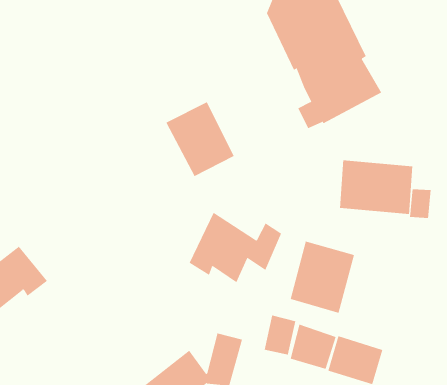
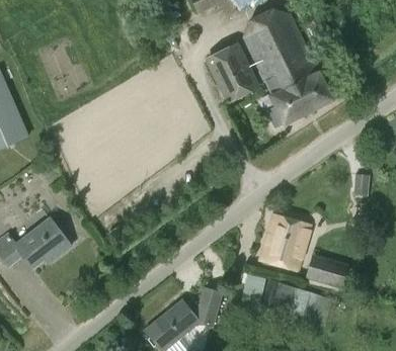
building: [166,102,234,177] -> [206,43,259,102]
building: [339,159,413,215] -> none
building: [189,212,282,283] -> none
building: none -> [307,254,348,289]

